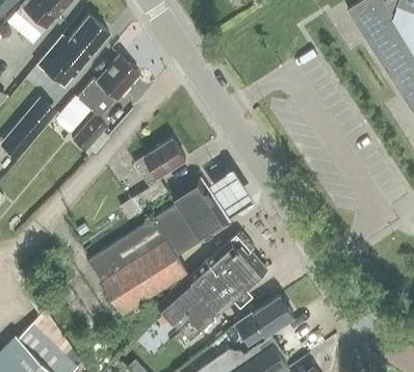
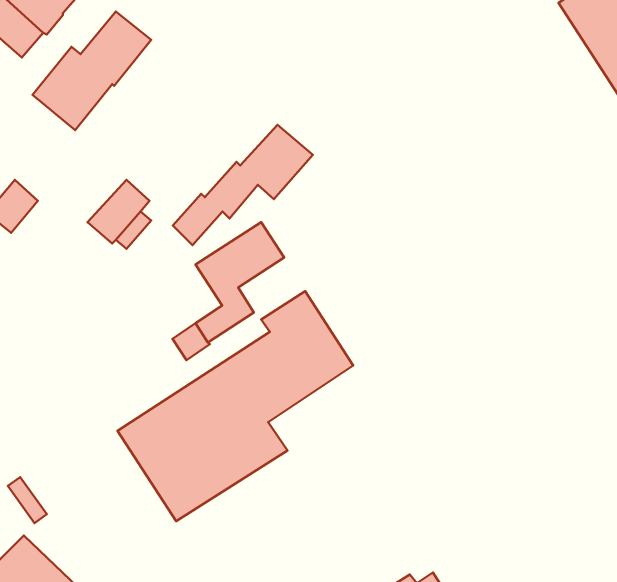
building: [57,56,139,127] -> [173,125,313,245]
building: [207,166,251,212] -> none
building: [158,232,267,342] -> none
building: [237,296,294,341] -> none

